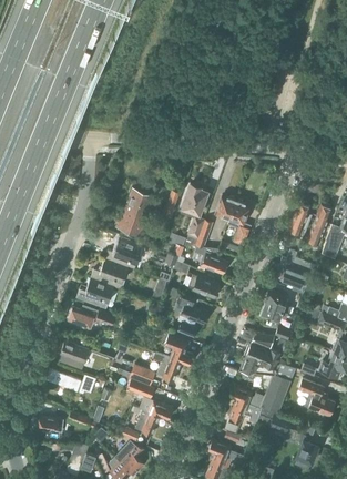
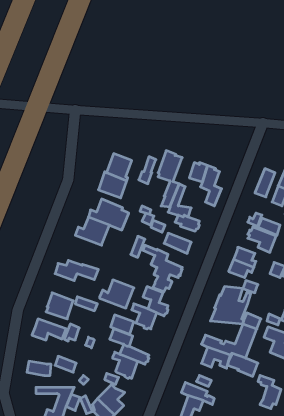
building: [76,276,114,307] -> [100,280,134,308]

